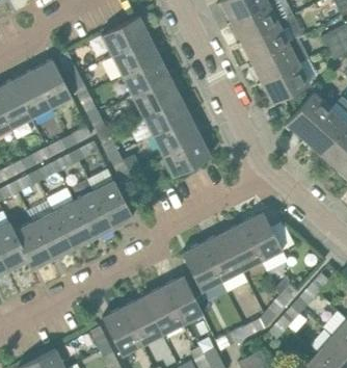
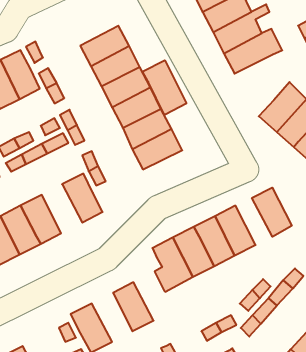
building: [101,16,149,56] -> none
building: [262,64,310,104] -> none
building: none -> [142,60,186,115]
building: [74,191,113,239] -> none
building: none -> [252,188,292,237]
building: [163,277,203,324] -> none
building: [123,297,162,345] -> none

